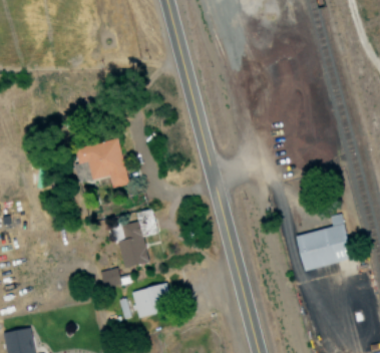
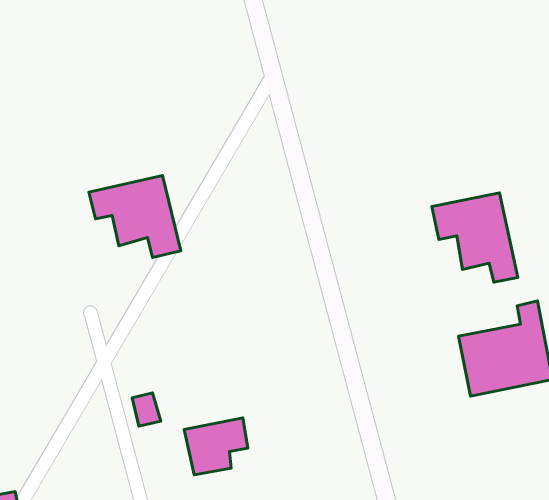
building: none -> [432,193,518,282]
building: [118,209,160,263] -> none

